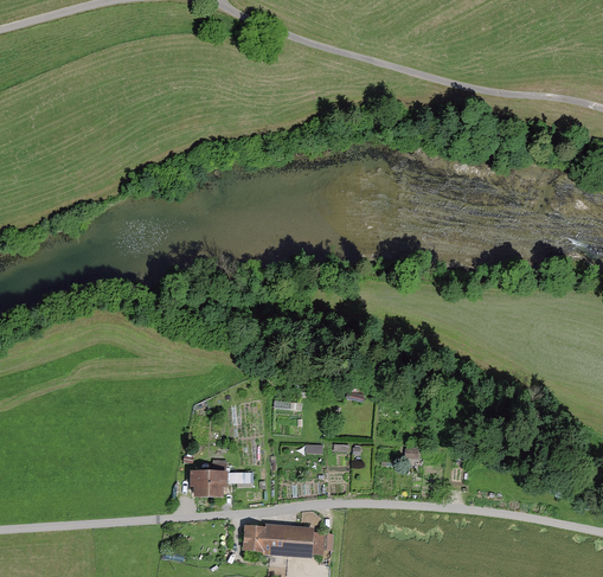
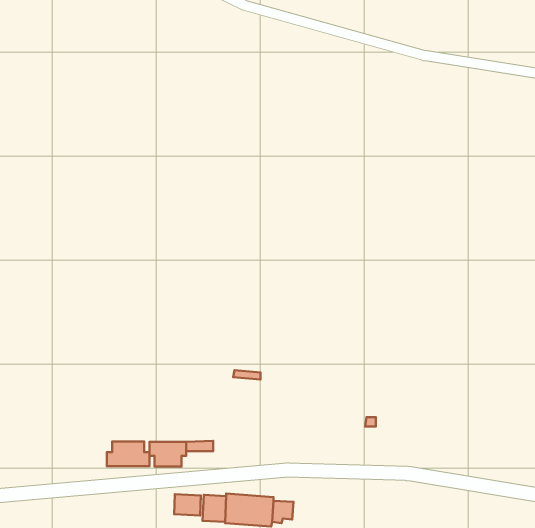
building: none -> [107,441,150,466]
building: none -> [174,494,201,515]

